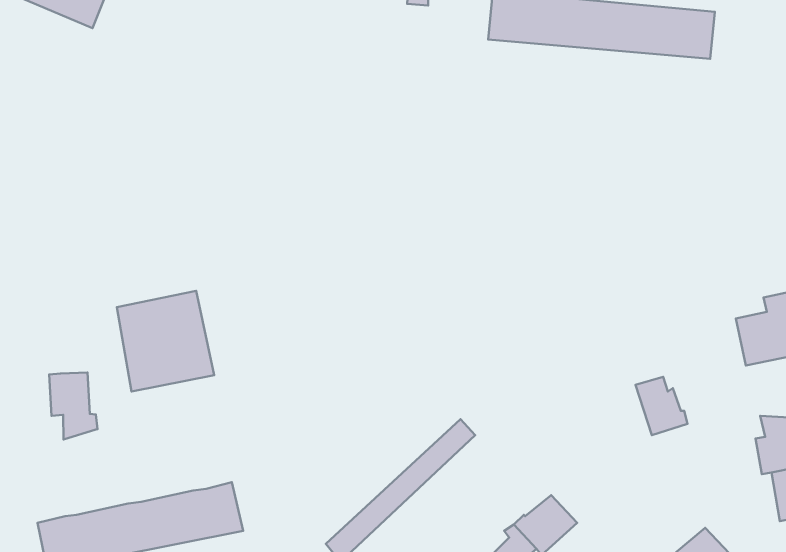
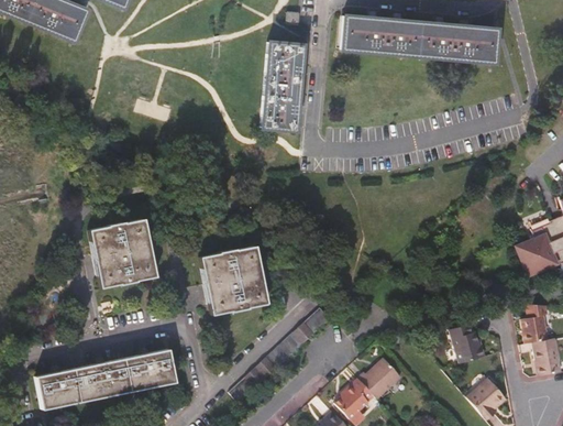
building: none -> [262,43,301,130]
building: none -> [199,244,266,314]
building: [49,373,98,440] -> none
building: [636,377,687,435] -> [449,324,484,363]

